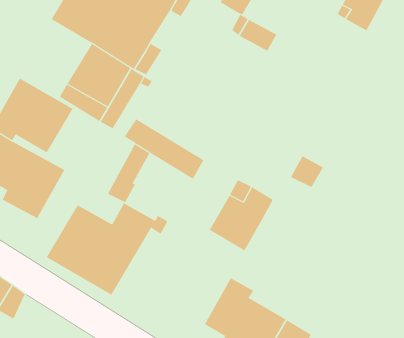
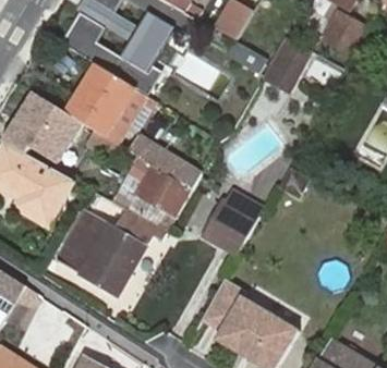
building: none -> [264,35,310,89]
building: none -> [129,164,191,226]

